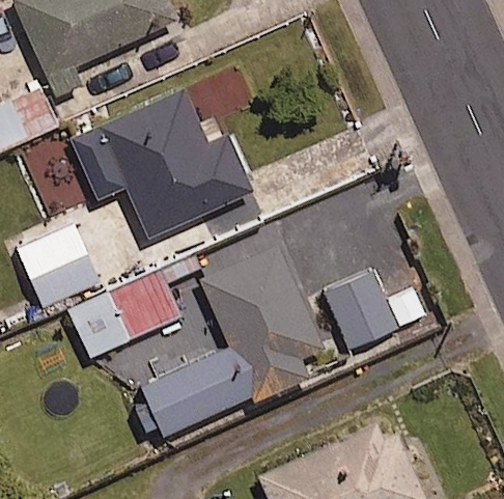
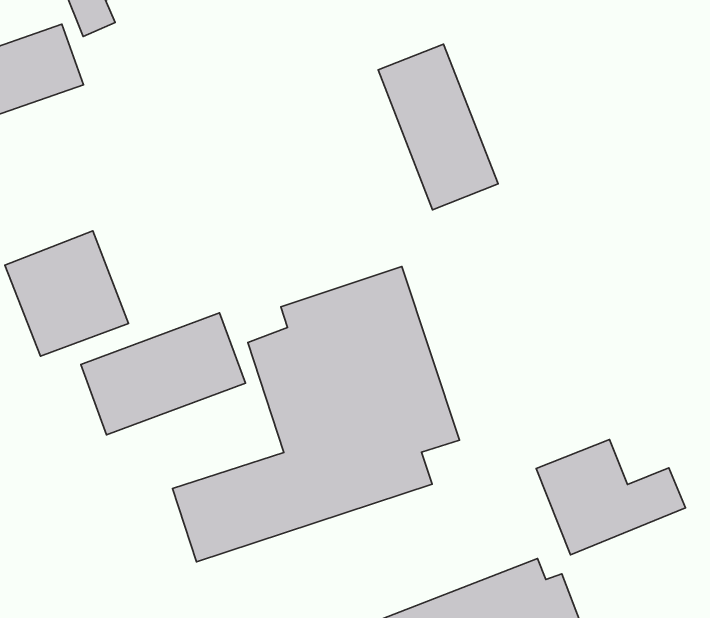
building: none -> [378,44,498,210]
building: [71,89,251,237] -> none
building: [324,270,424,348] -> [536,440,686,555]

